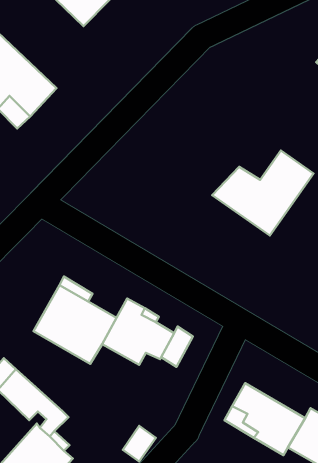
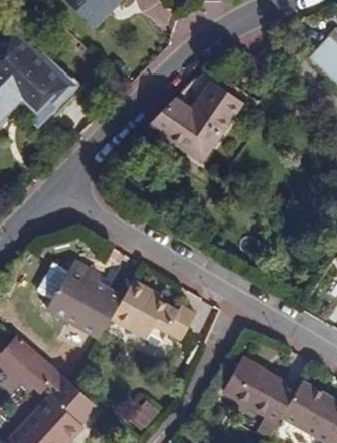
building: [212,151,314,235] -> [149,83,242,161]

